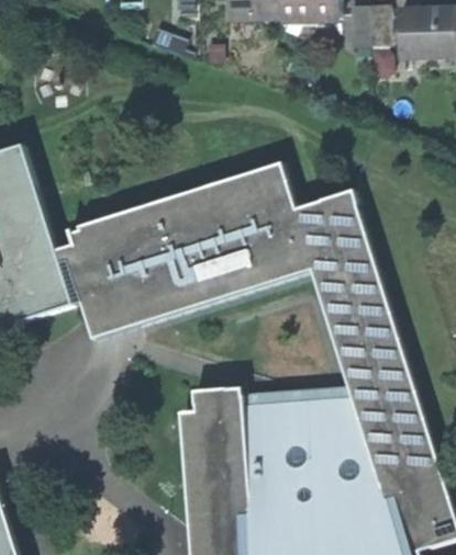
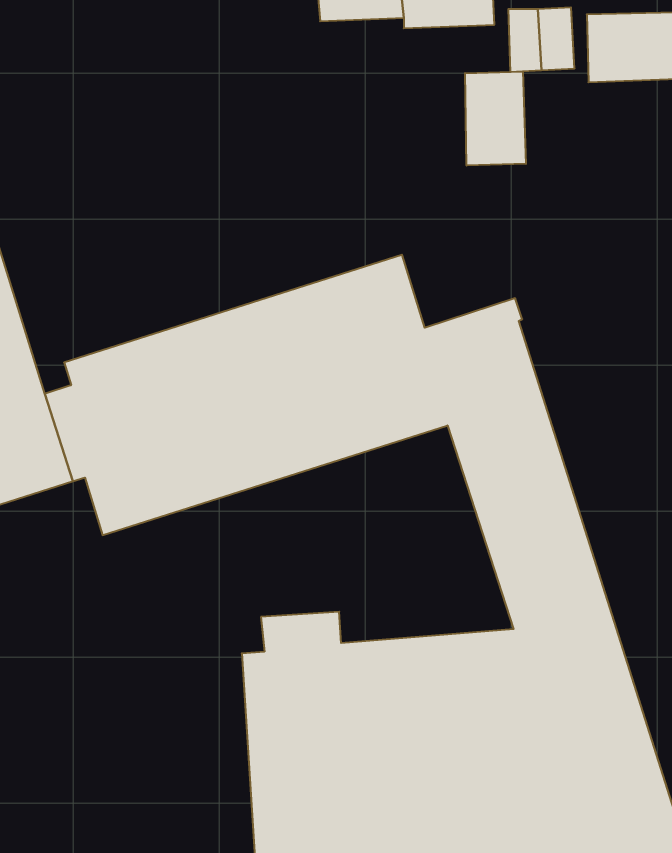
building: none -> [465,71,526,166]

